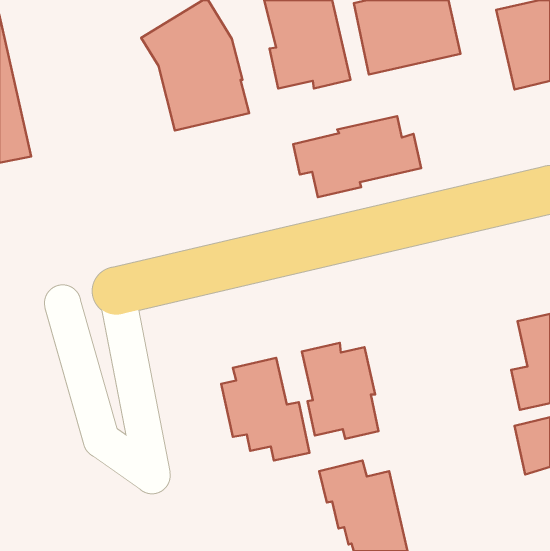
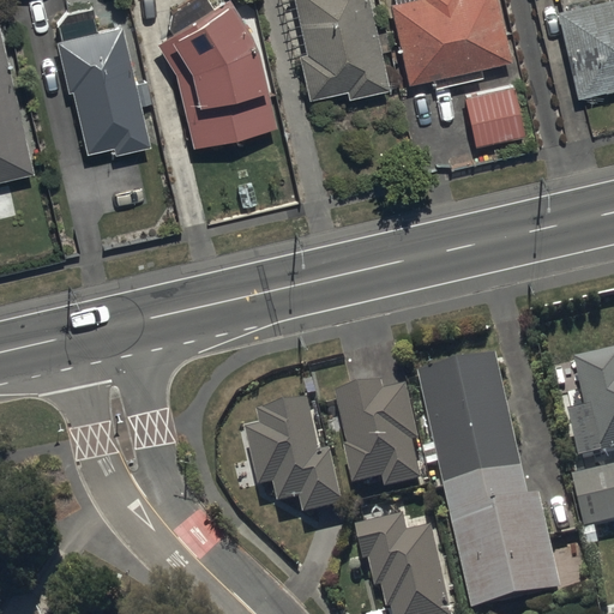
building: none -> [56,25,150,154]
building: none -> [464,84,524,146]
building: [293,116,421,197] -> none
building: none -> [419,353,561,608]

